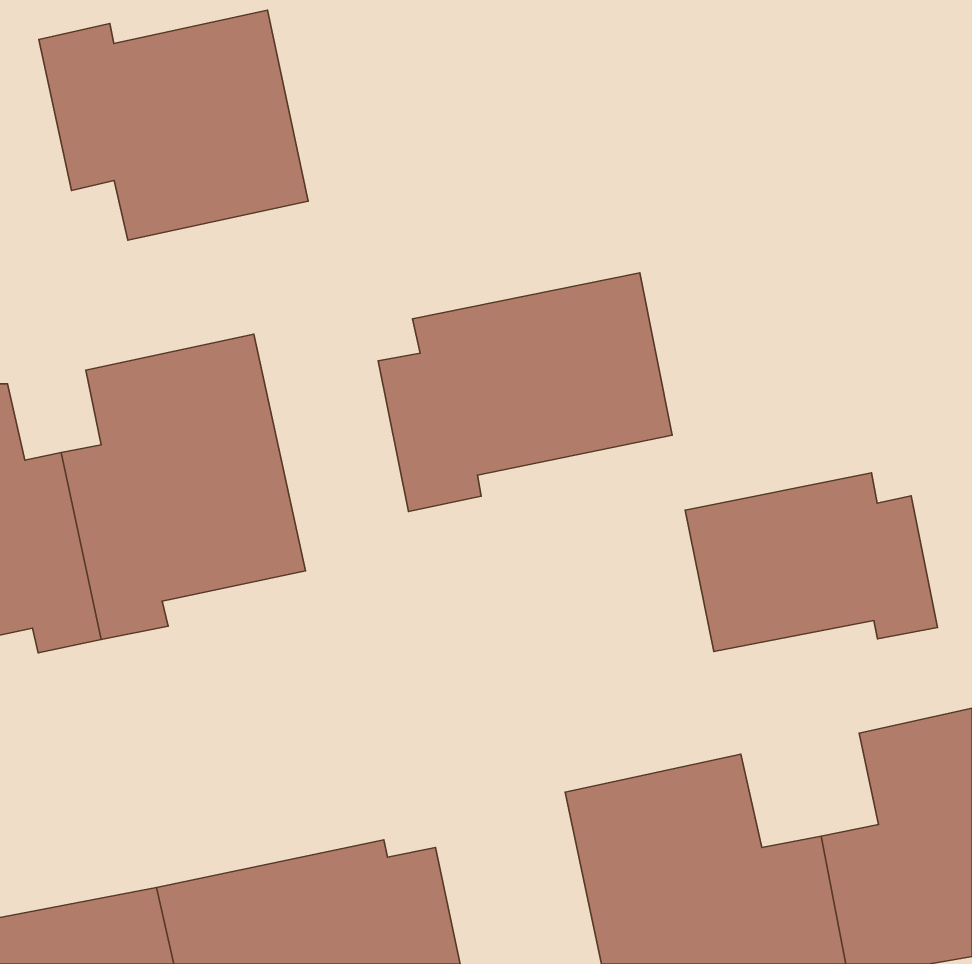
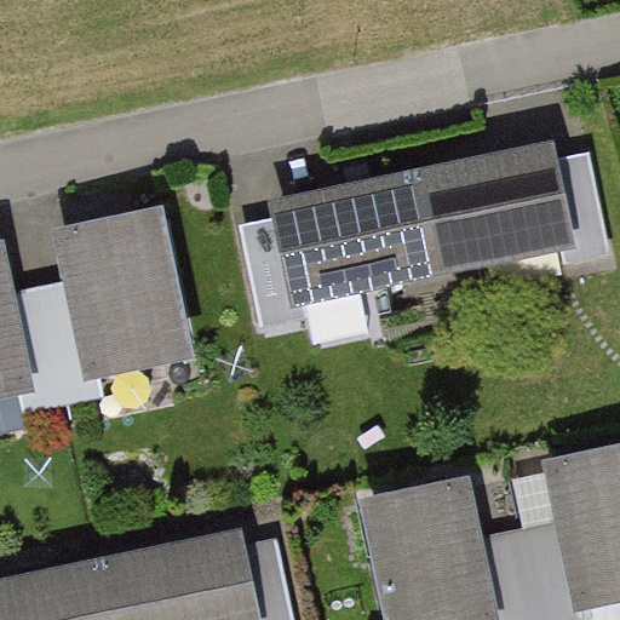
building: [39,10,308,240] -> none
building: none -> [406,145,607,276]
building: [685,473,937,652] -> none

